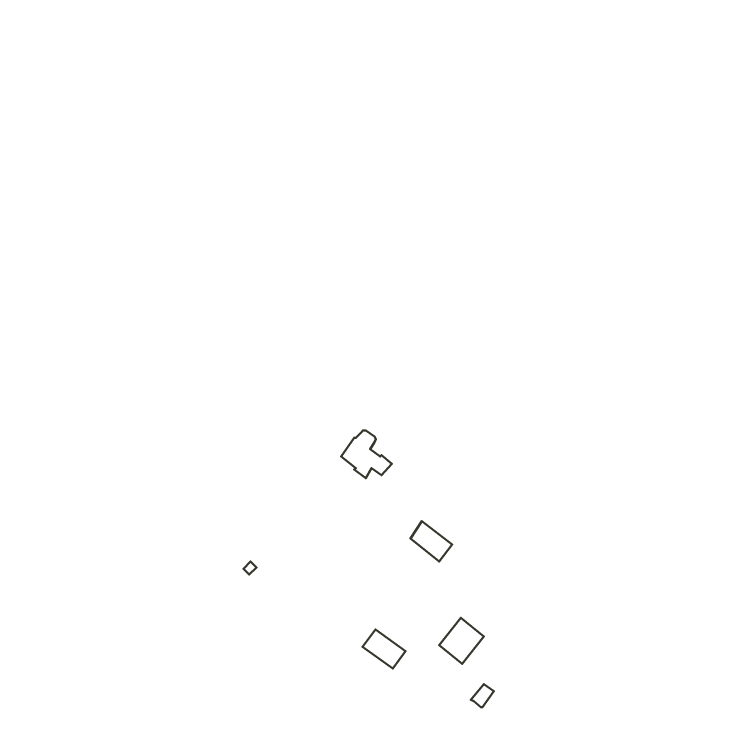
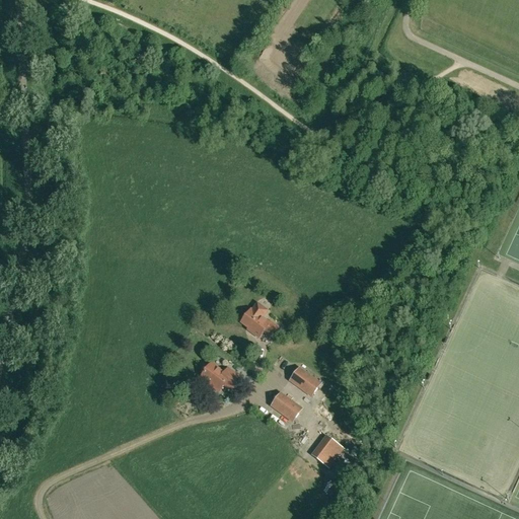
building: none -> [200,362,240,390]
building: [362,629,406,668] -> [270,392,300,420]

